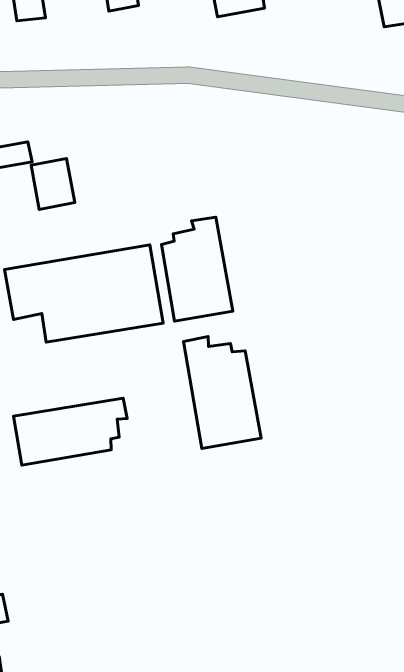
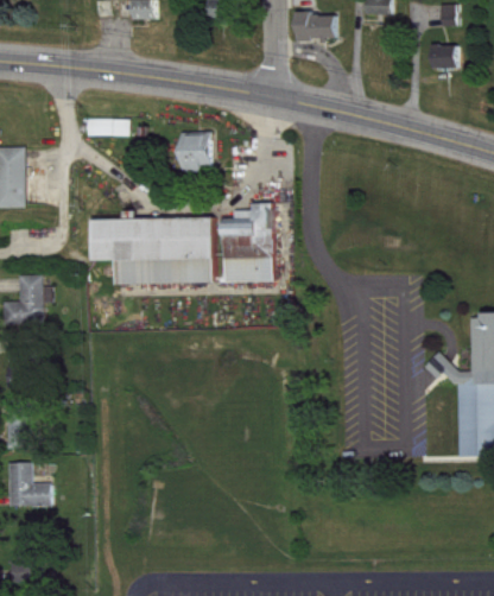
building: [31,158,75,209] -> [180,132,211,170]
building: [184,336,261,449] -> none
building: [13,398,127,465] -> none

